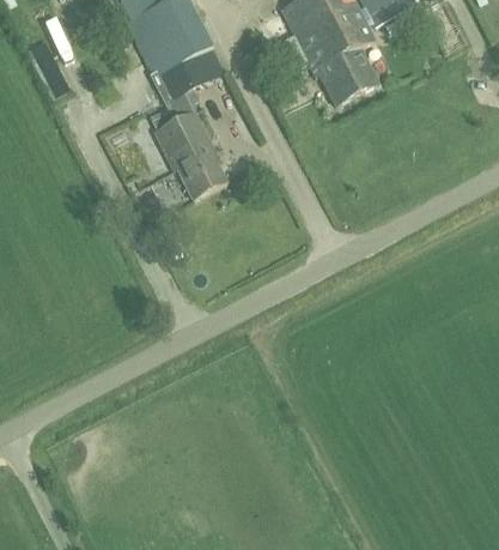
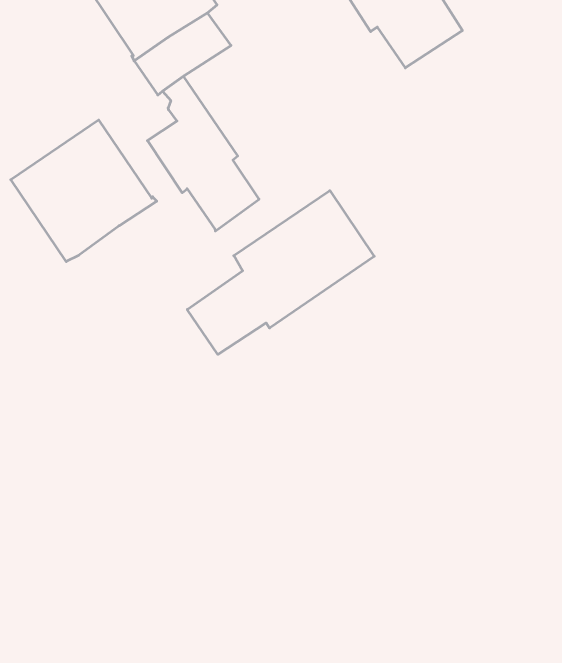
building: none -> [11,120,157,262]
building: none -> [187,191,374,354]

